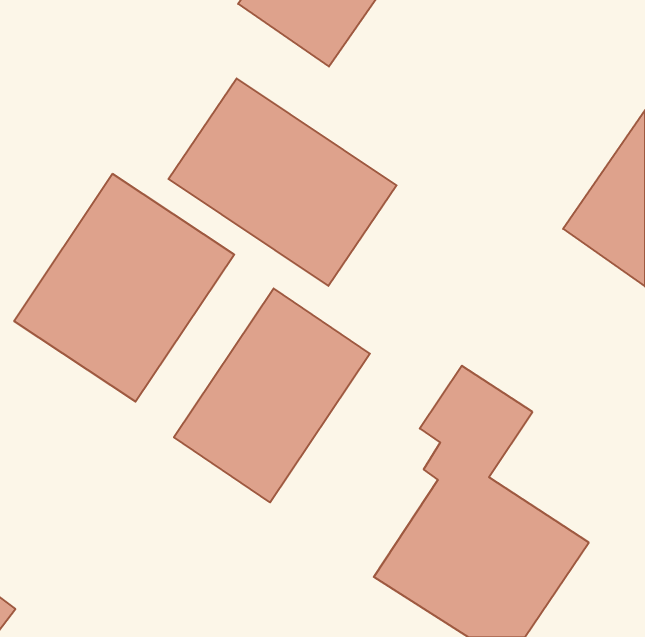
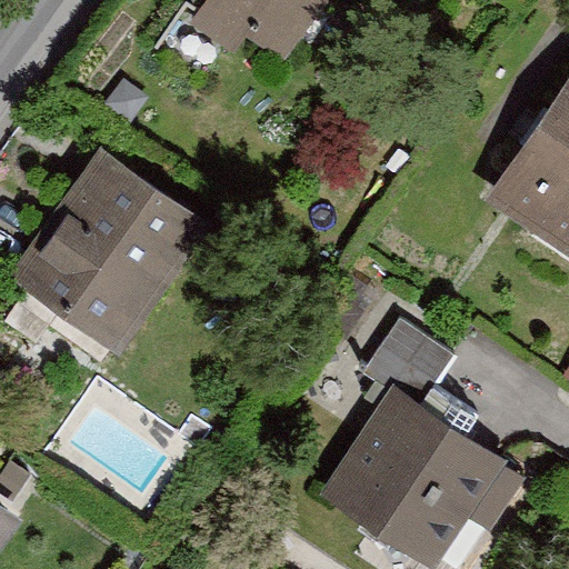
building: [168,78,397,286] -> none
building: [174,288,370,502] -> none

